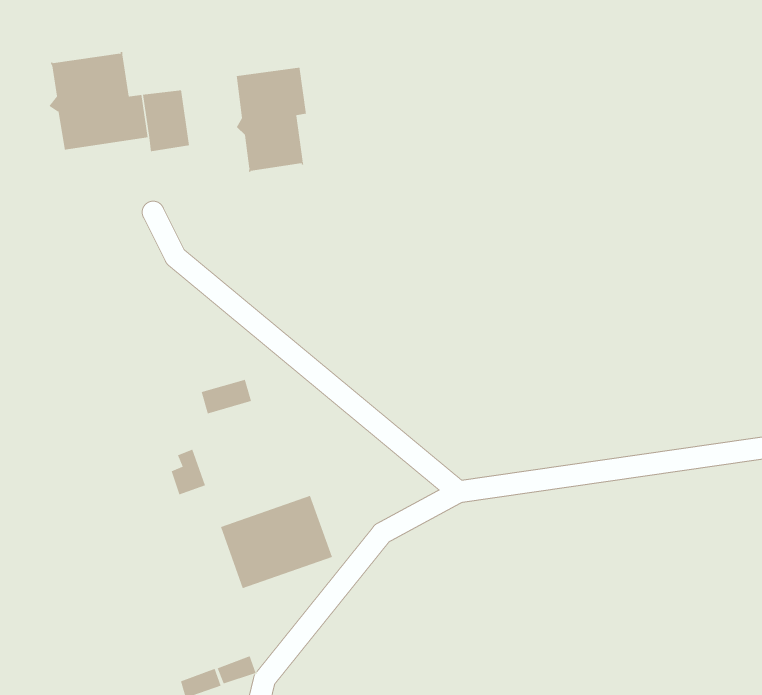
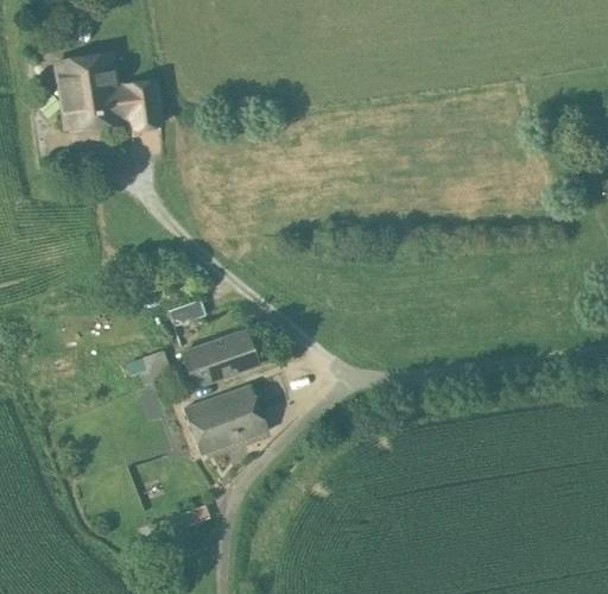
building: [236,67,306,173] -> none
building: none -> [180,329,258,386]

